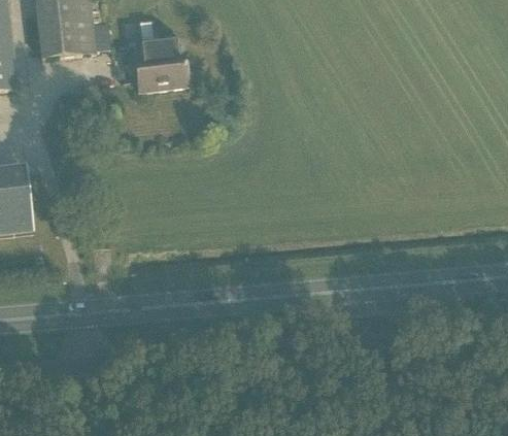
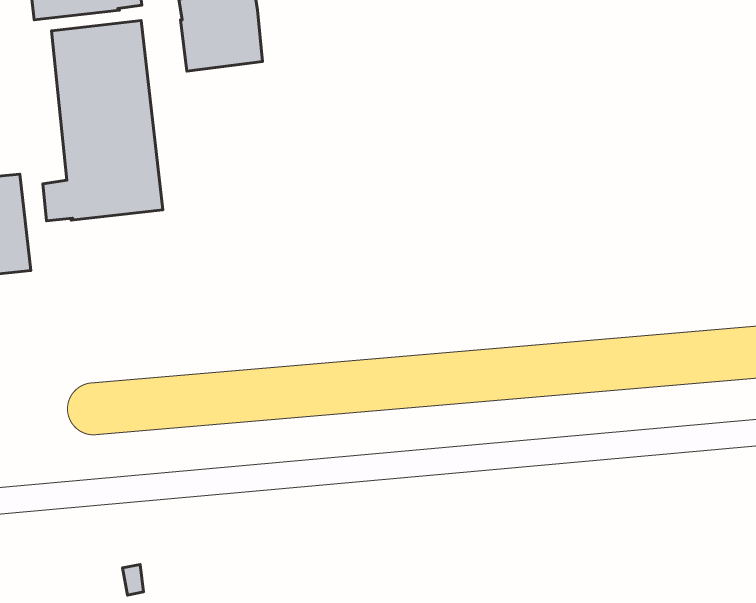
building: none -> [43,21,163,221]

